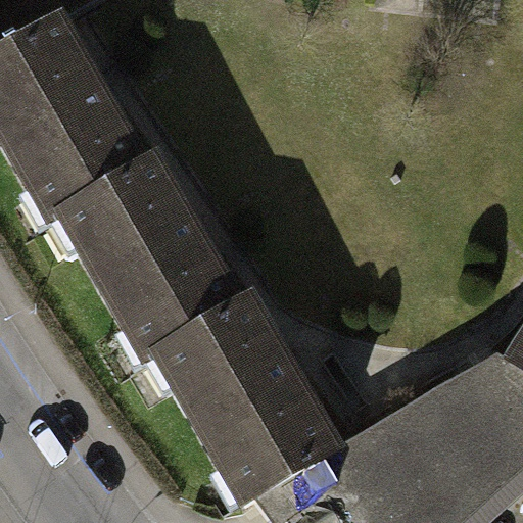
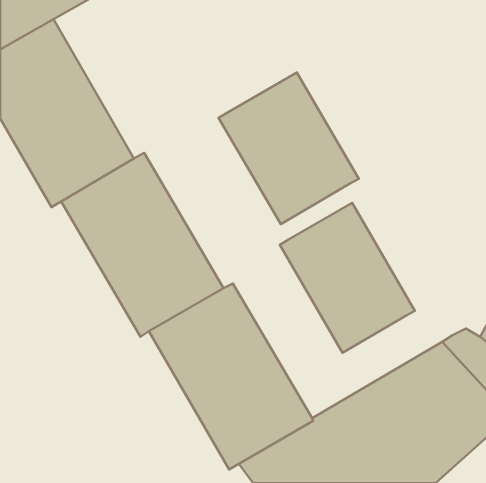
building: none -> [219,72,359,224]
building: none -> [280,203,415,353]

